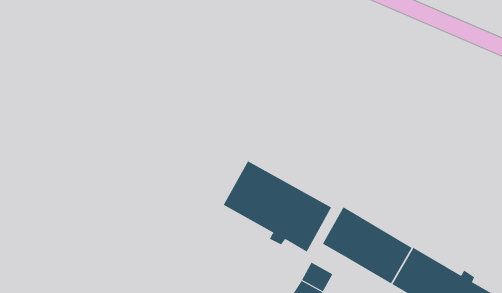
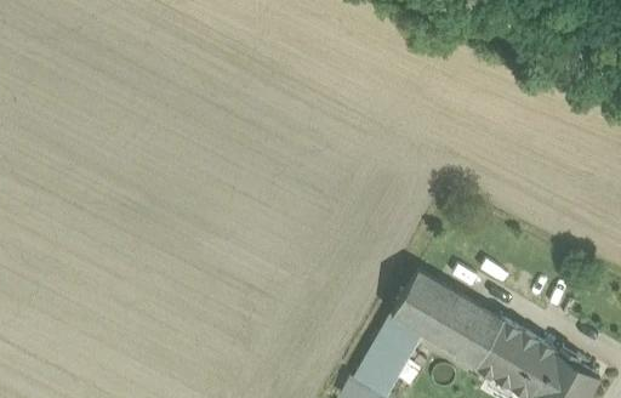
building: [222,160,332,252] -> none
building: none -> [380,318,418,354]

